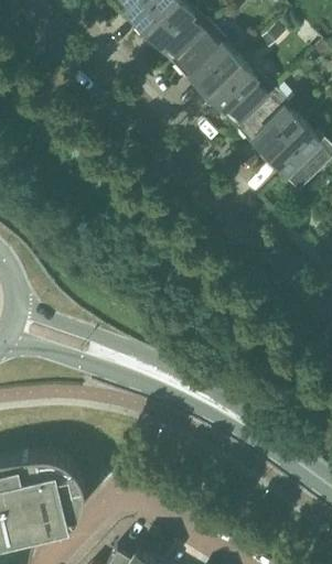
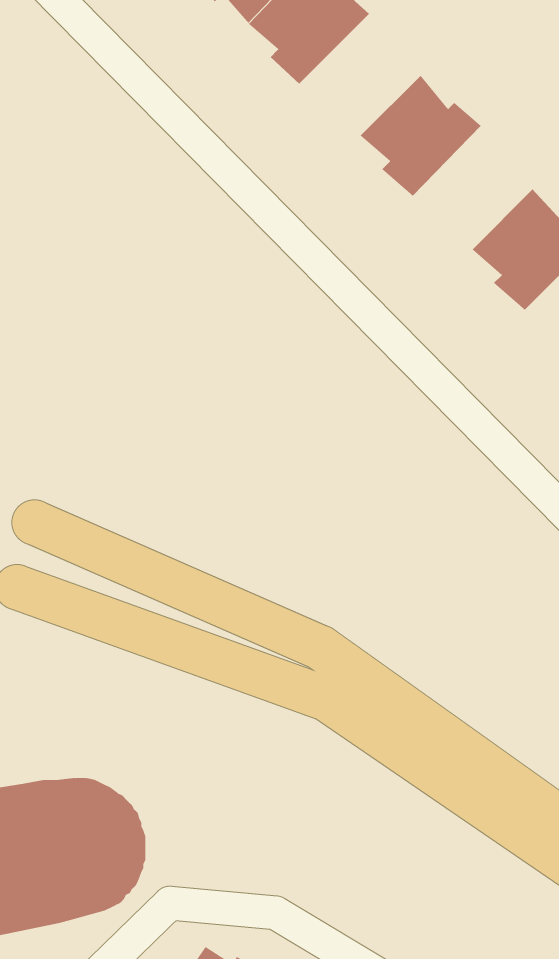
building: [171,24,239,93] -> none
building: [235,87,302,156] -> none

